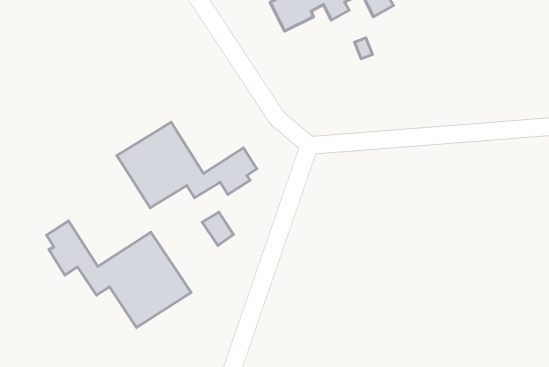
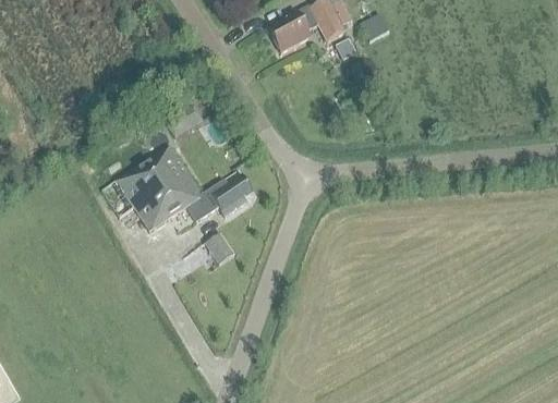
building: [47,221,191,327] -> none

